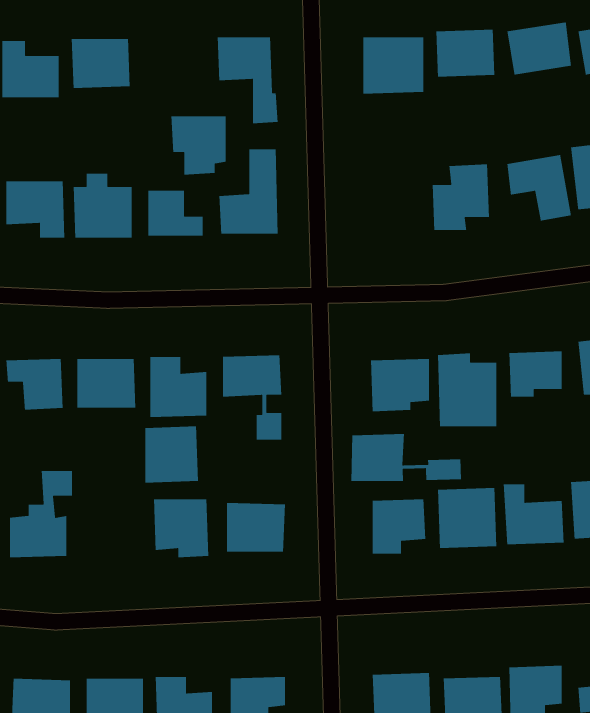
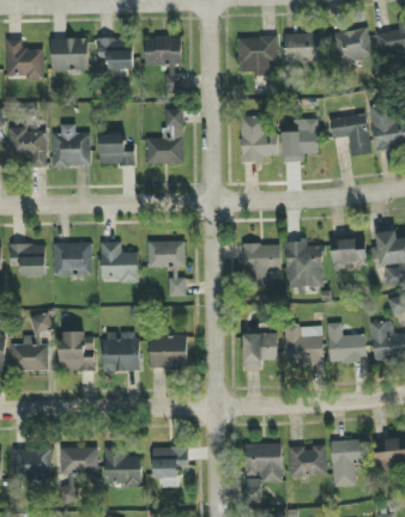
building: [170,116,227,175] -> [96,38,132,77]
building: none -> [240,116,278,163]
building: [144,425,199,483] -> [60,333,95,370]
building: [351,433,462,482] -> none

